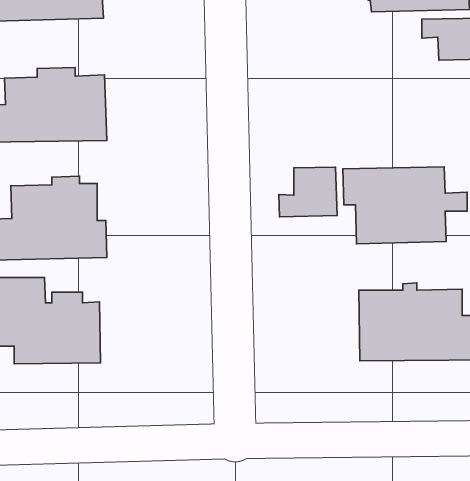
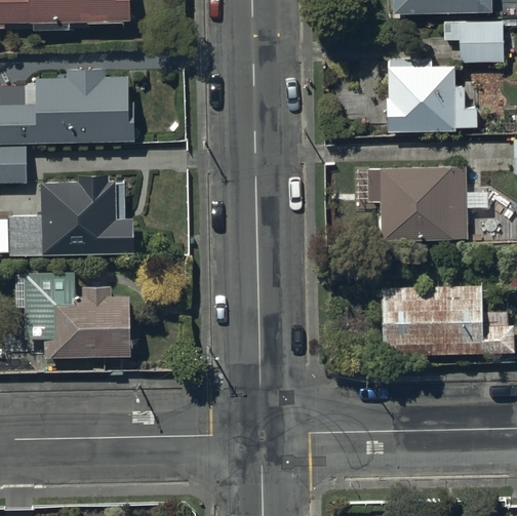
building: none -> [385,59,476,133]
building: [279,167,337,217] -> none

